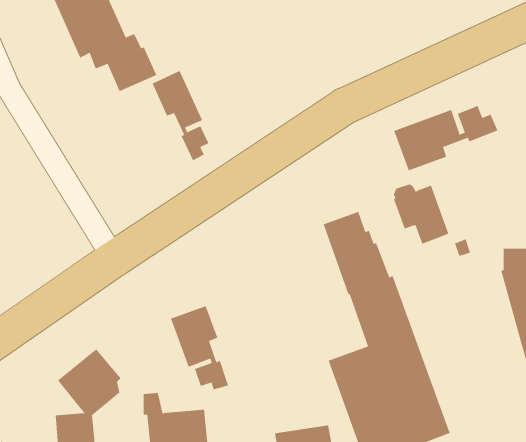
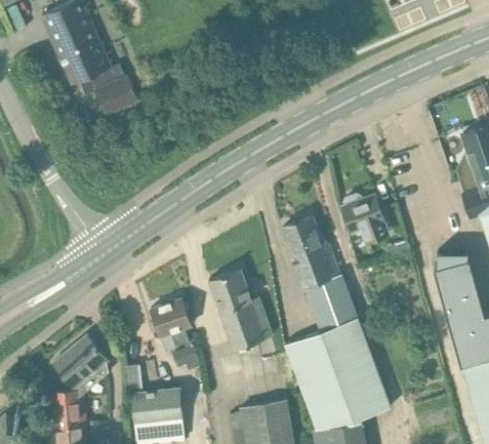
building: [152,70,209,161] -> none
building: [394,105,498,171] -> none
building: none -> [209,270,273,350]

